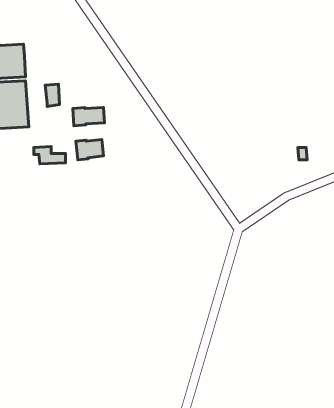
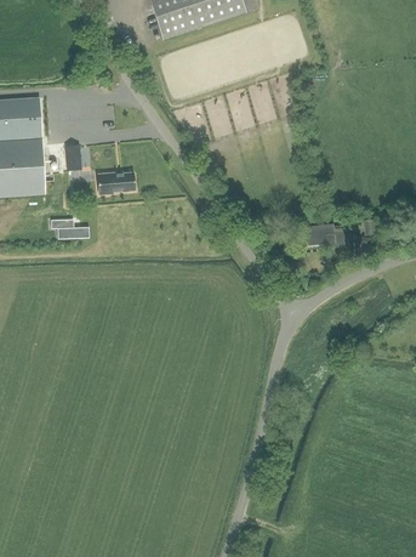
building: [76,139,103,160] -> none
building: none -> [307,222,348,246]

